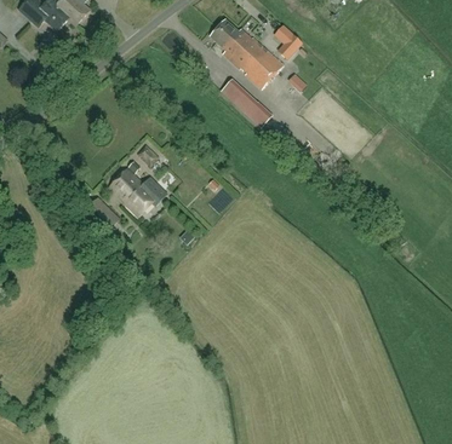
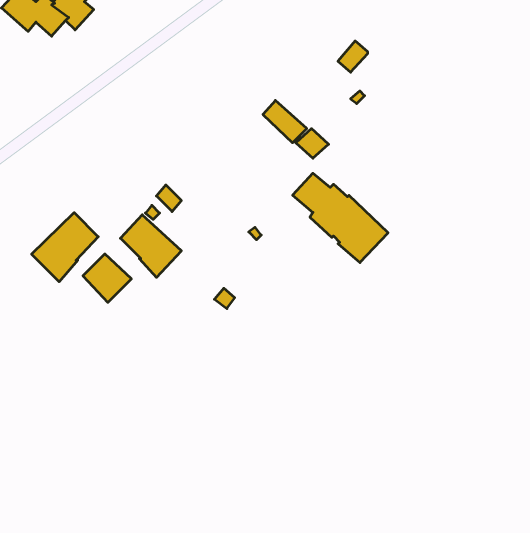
building: [210,19,284,88] -> [293,173,388,263]
building: none -> [32,213,98,282]

